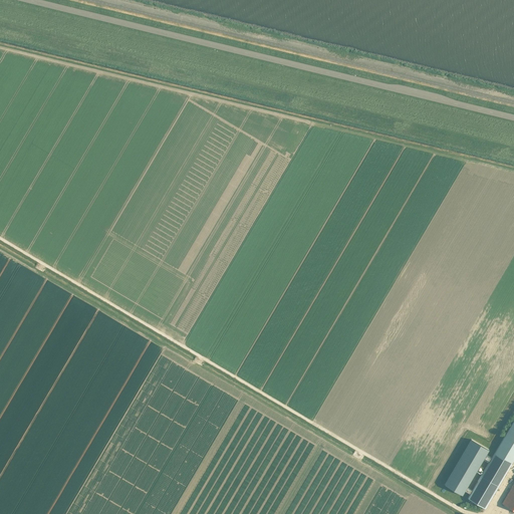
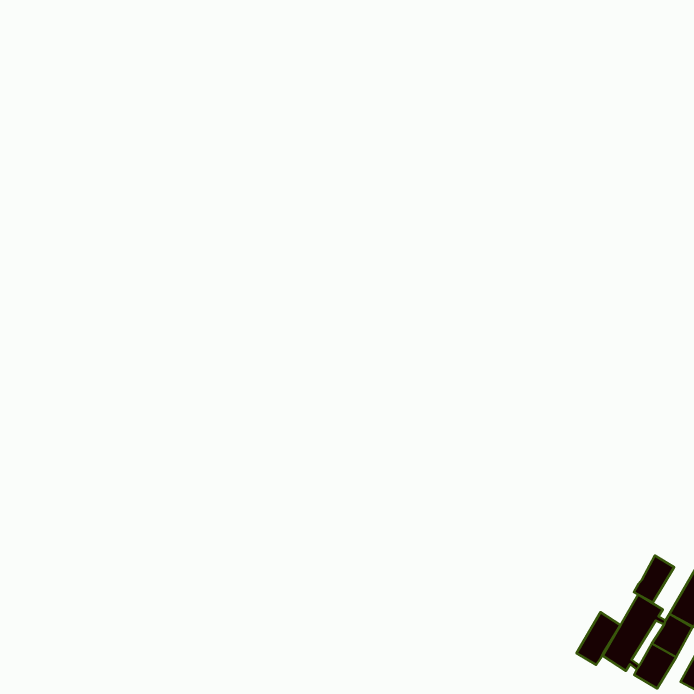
building: none -> [634,556,674,603]
building: none -> [576,612,621,665]

